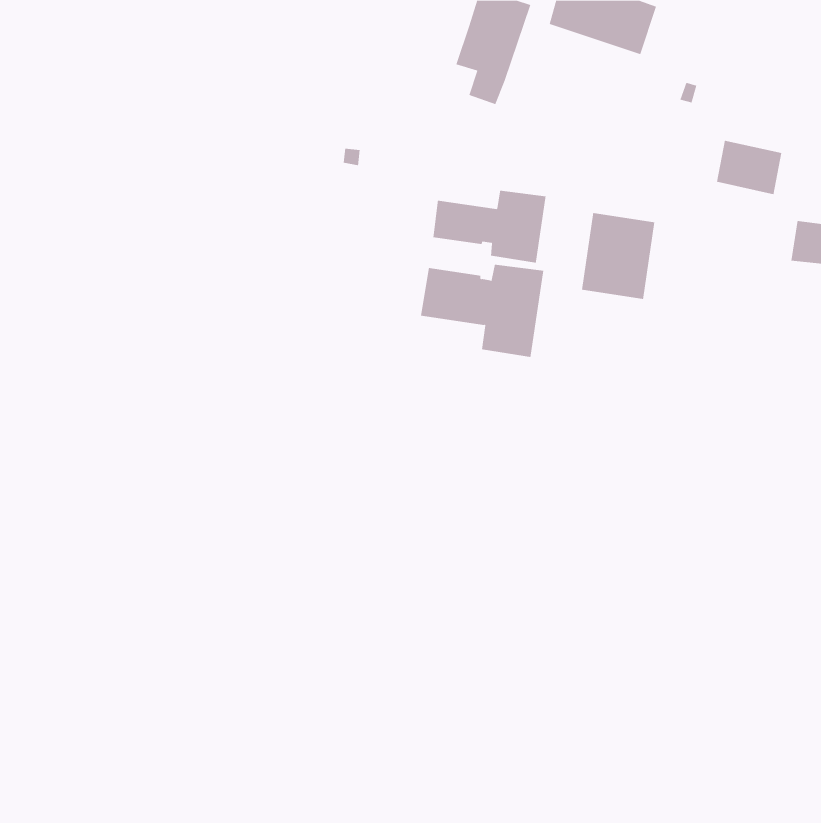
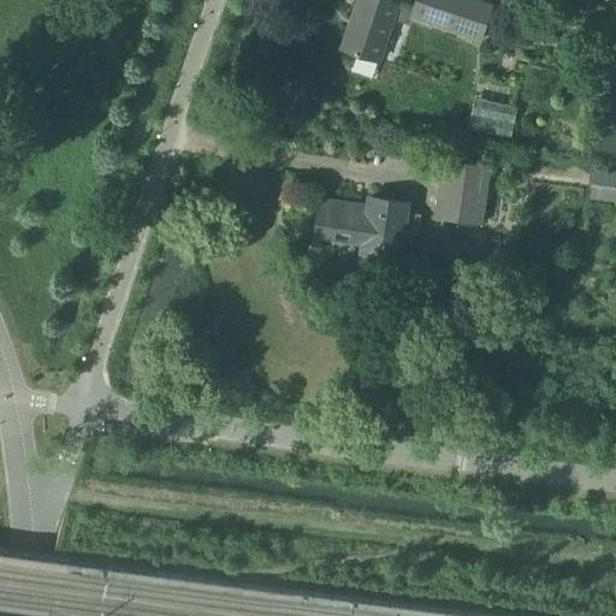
building: [716,140,782,195] -> [468,97,517,138]
building: [433,190,546,264] -> none

